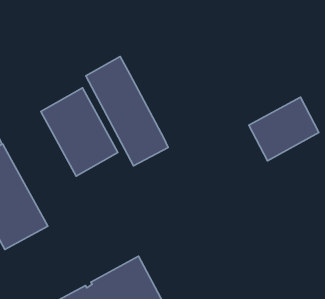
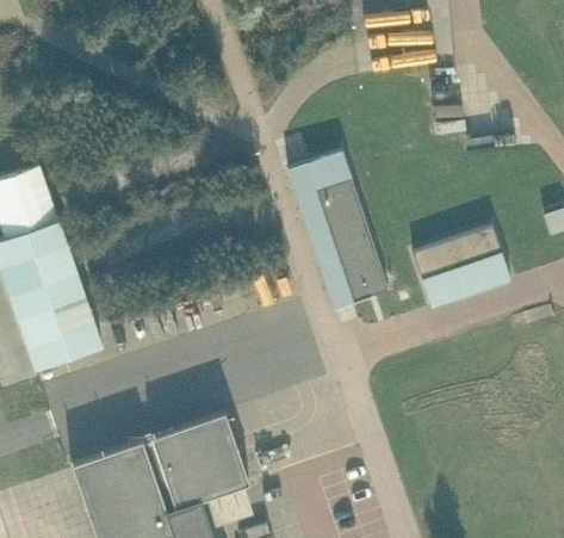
building: [86,56,168,166] -> [287,150,388,309]
building: [41,88,118,176] -> none

